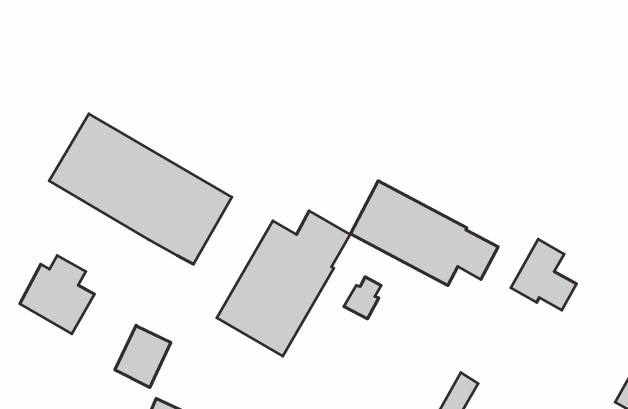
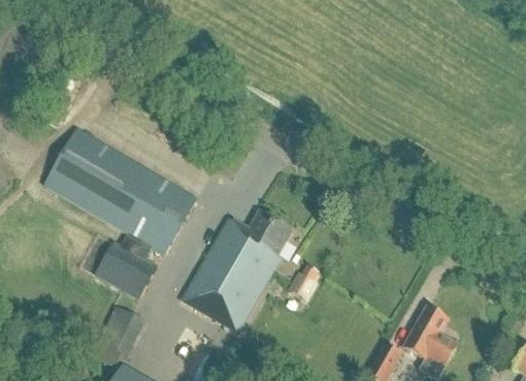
building: [350,181,498,286] -> none
building: [511,239,577,310] -> [402,308,457,367]
building: [20,255,94,334] -> [95,233,157,298]

